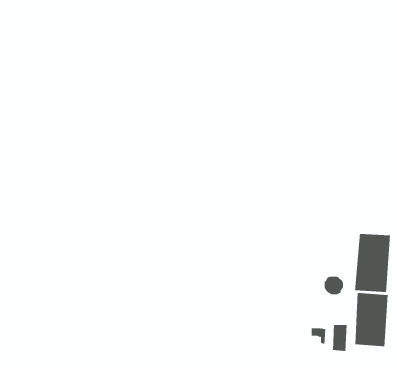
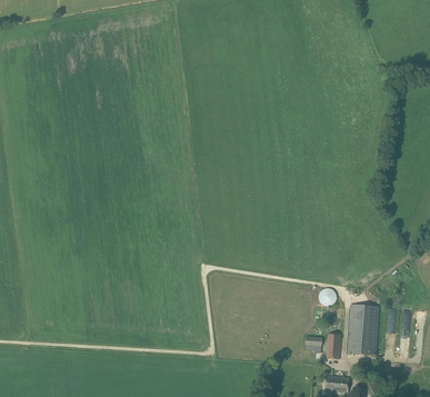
building: [355,233,391,293] -> none

